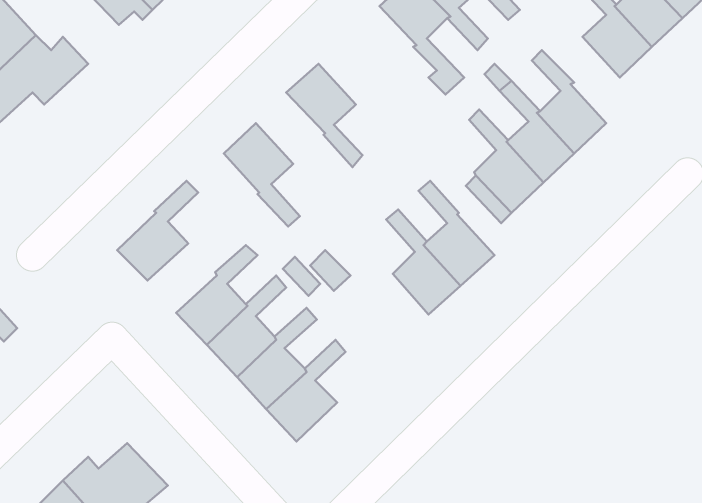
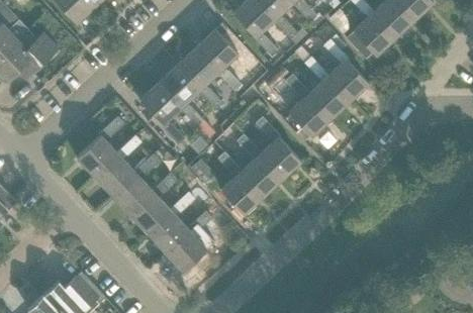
building: none -> [196,28,242,90]
building: none -> [159,64,203,125]
building: none -> [94,135,141,195]
building: none -> [217,151,262,213]

